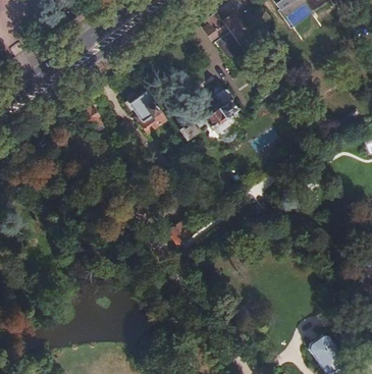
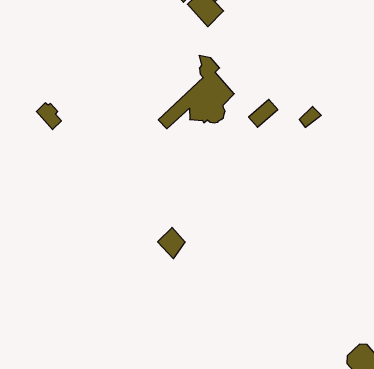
building: [129,91,165,131] -> none

